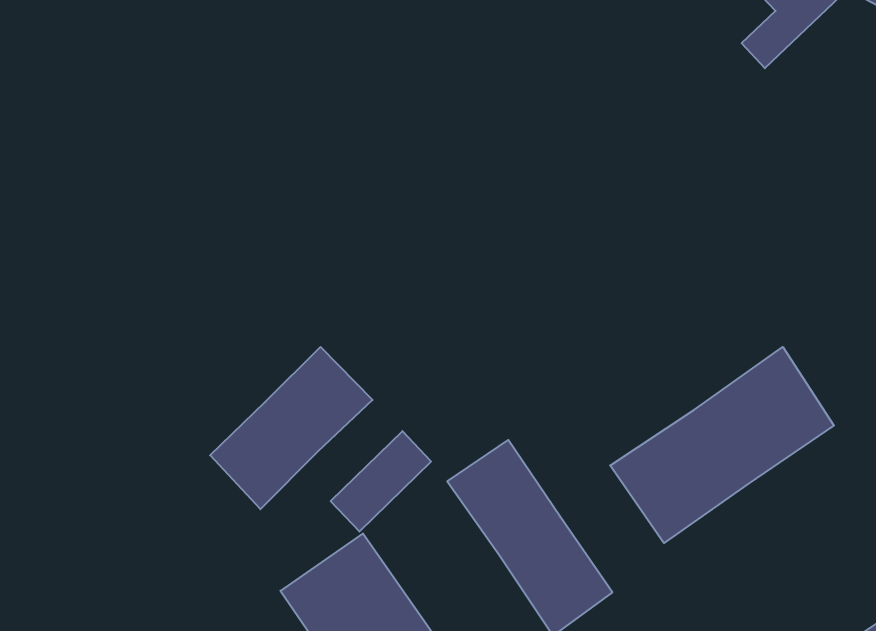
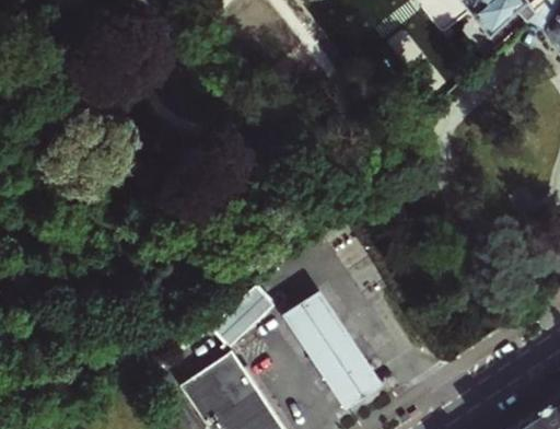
building: [210,347,373,509] -> none
building: [610,347,834,543] -> none

